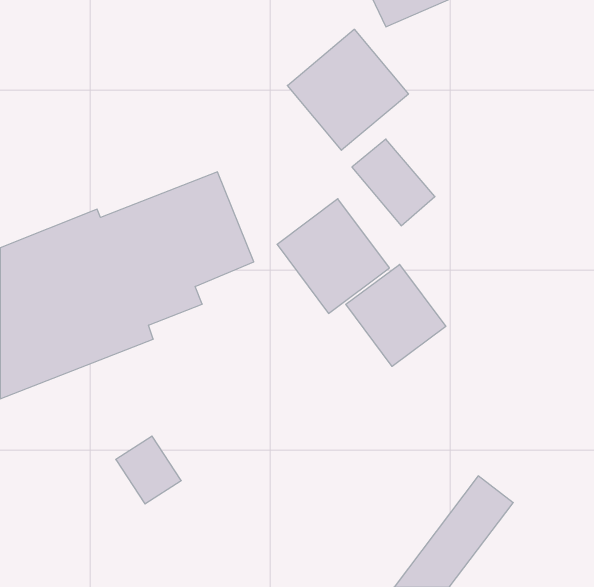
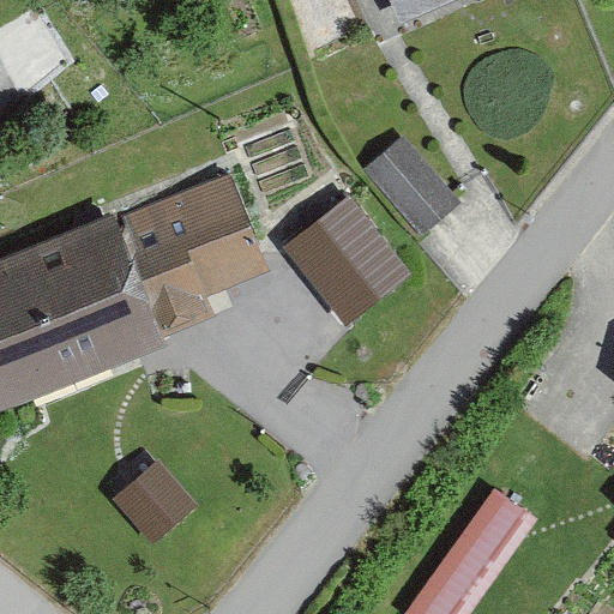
building: [287,29,408,150] -> none
building: [346,264,446,366] -> none

